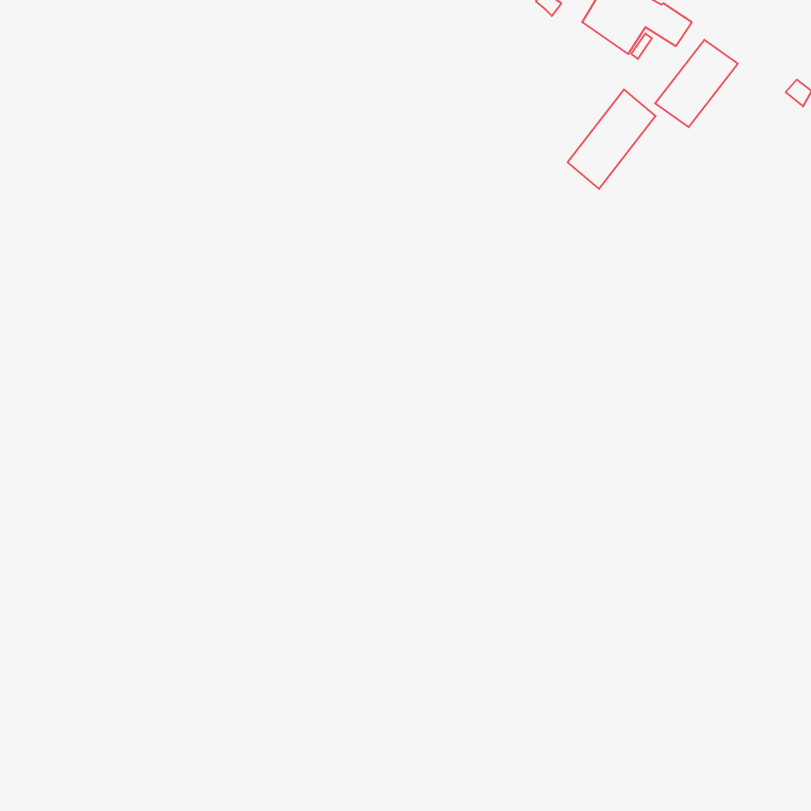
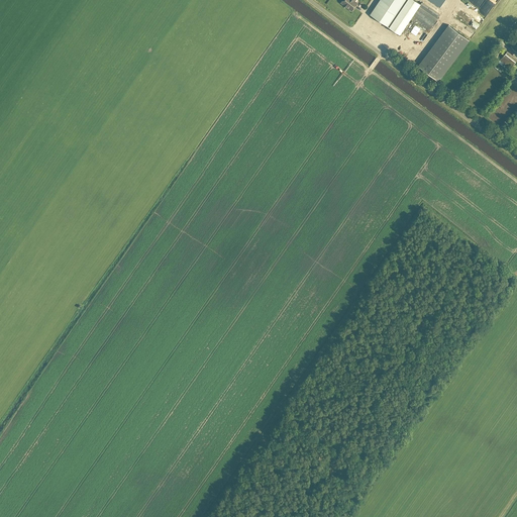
building: [568,89,656,189] -> none

